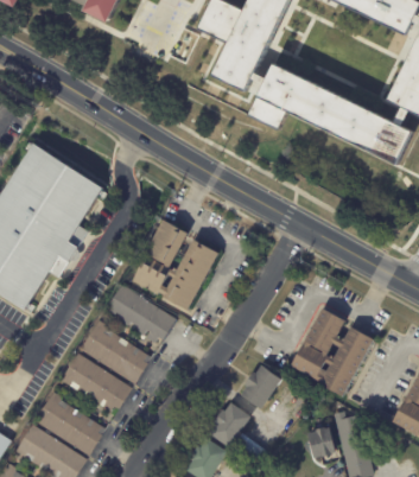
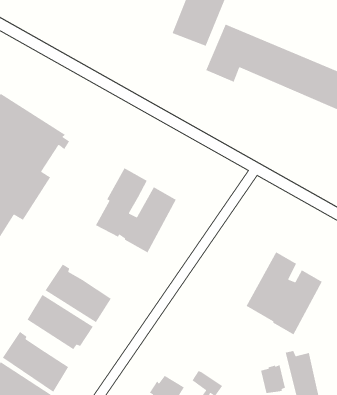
building: [104,282,176,342] -> none
building: [241,364,281,407] -> none
building: [209,401,250,446] -> none

